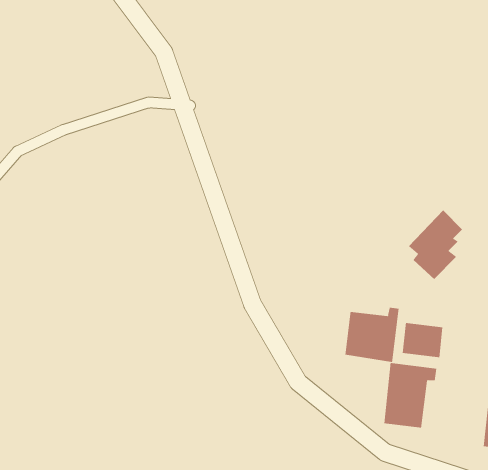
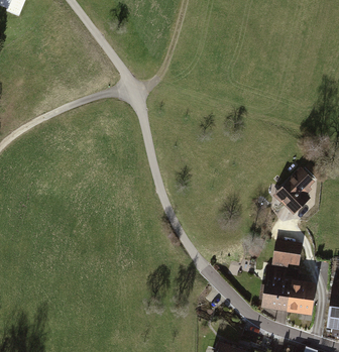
building: [345,307,399,363] -> none
building: none -> [286,279,314,314]

